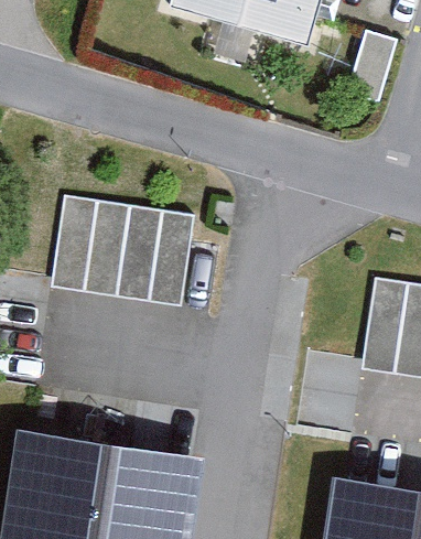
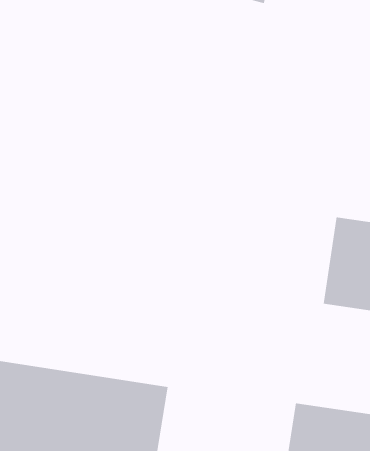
building: [51,196,194,305] -> none

